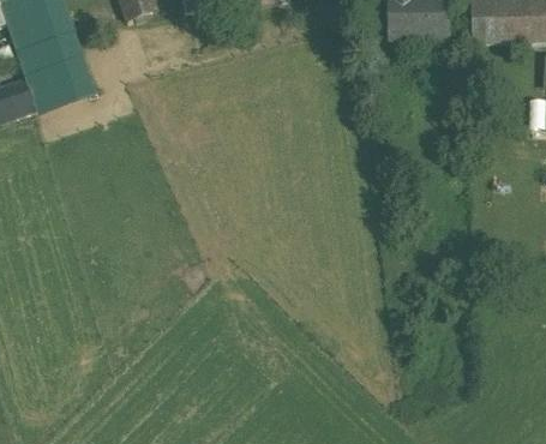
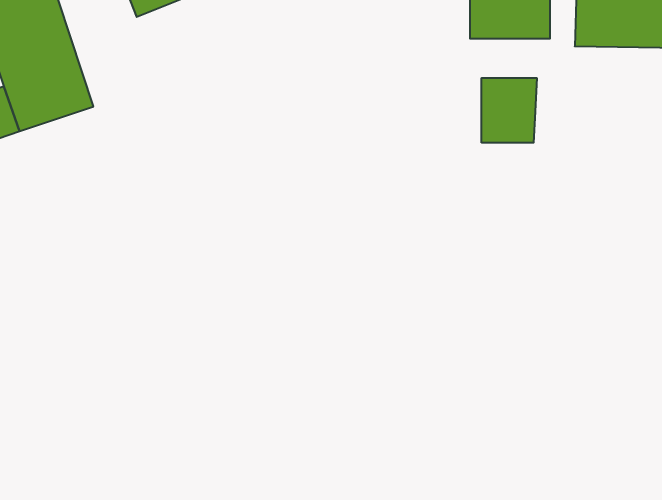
building: none -> [482,78,537,143]

